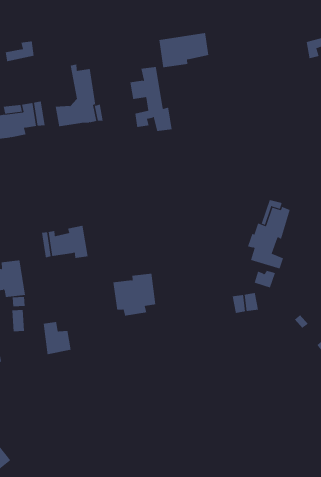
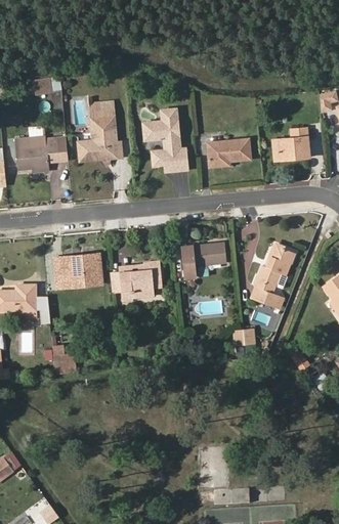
building: [158,33,209,68] -> [205,138,252,169]
building: none -> [271,127,310,162]
building: none -> [183,242,227,277]
building: [113,273,156,316] -> [122,259,162,298]

